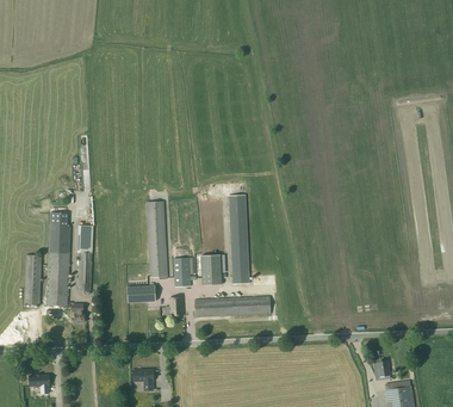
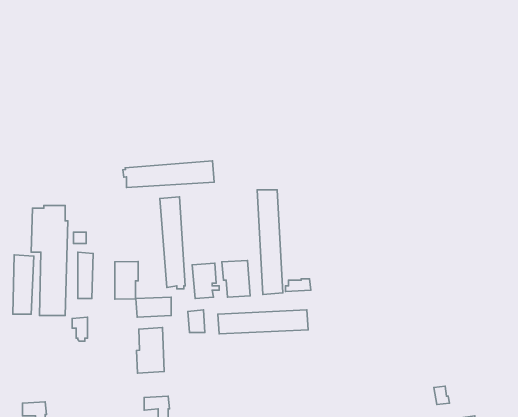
building: none -> [123,161,214,188]
building: none -> [115,261,138,299]
building: none -> [137,328,164,373]

